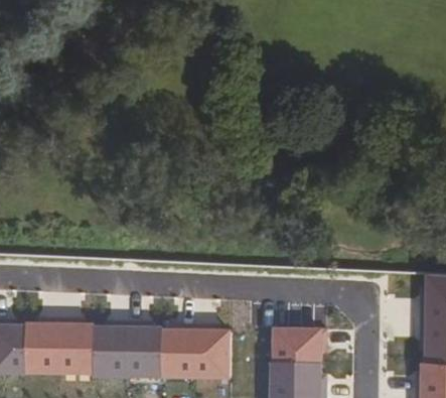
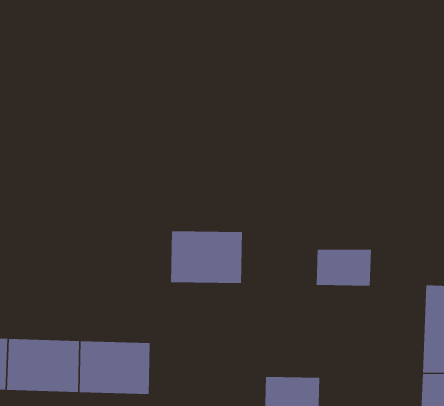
building: [272,326,325,362] -> [316,249,372,286]
building: [161,328,231,379] -> [170,231,243,284]

